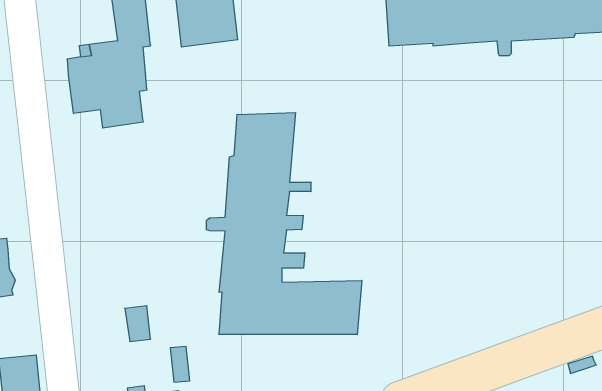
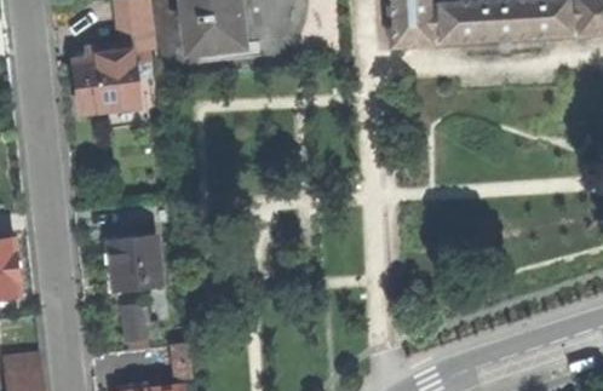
building: [207,113,362,335] -> none
building: none -> [105,234,161,289]

